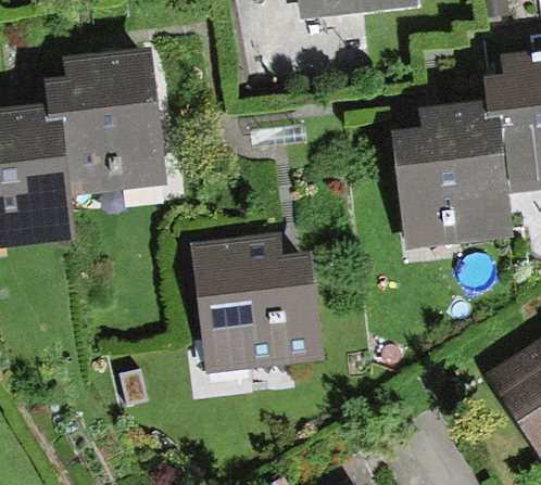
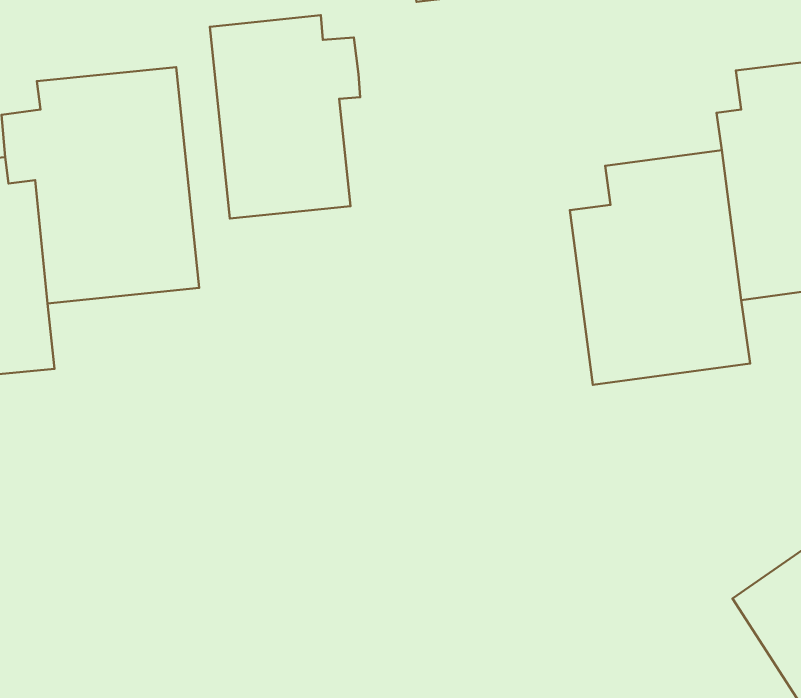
building: none -> [210,15,360,219]
building: [190,235,320,371] -> none

